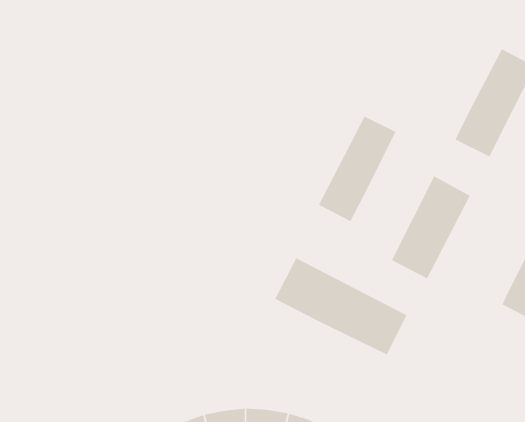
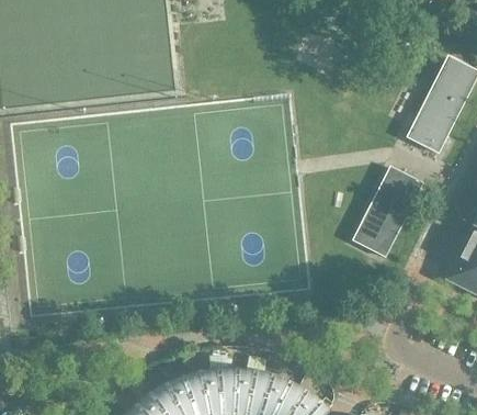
building: [318,116,396,222] -> none
building: [274,257,407,356] -> none

